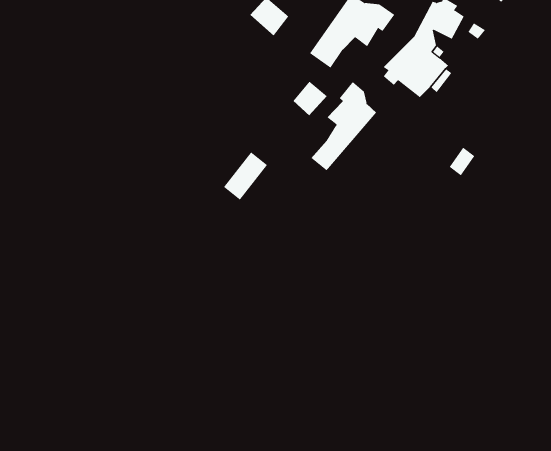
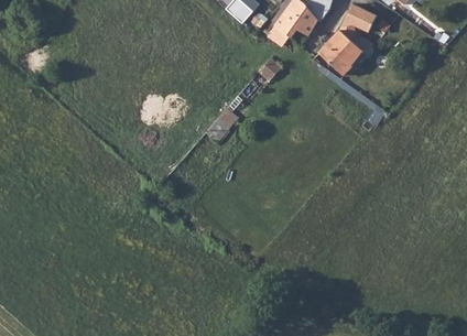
building: [311,81,377,171] -> none

